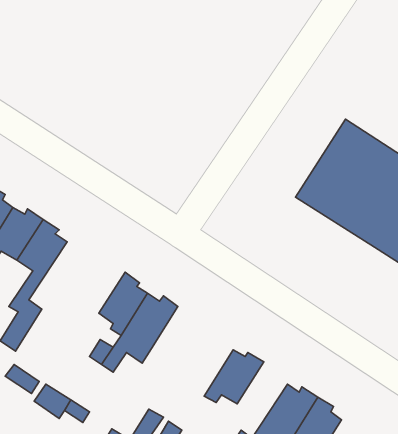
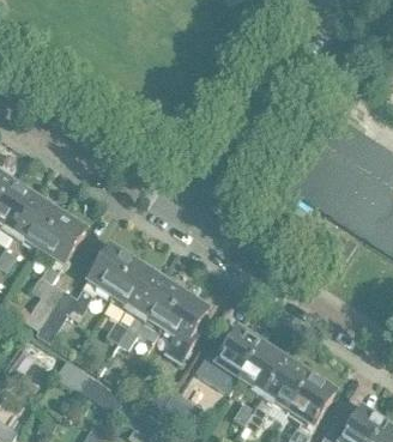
building: none -> [35,246,138,343]
building: none -> [162,289,207,361]
building: none -> [240,339,285,398]

